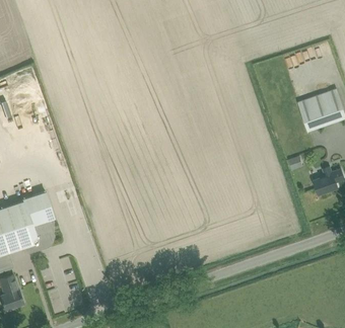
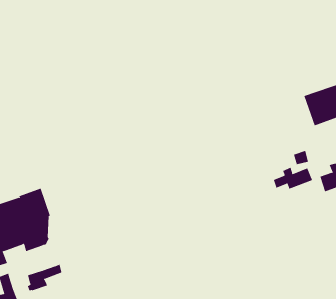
building: none -> [273,167,313,189]
building: none -> [27,264,62,291]

